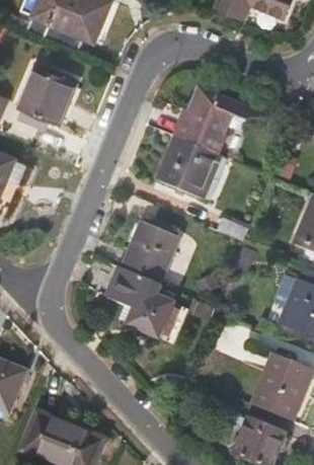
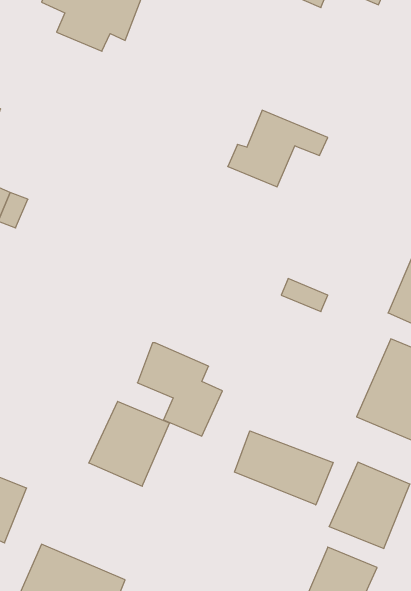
building: [23,64,78,120] -> none
building: [155,135,219,197] -> none
building: [121,220,180,283] -> [89,401,170,486]
building: none -> [235,431,333,505]

